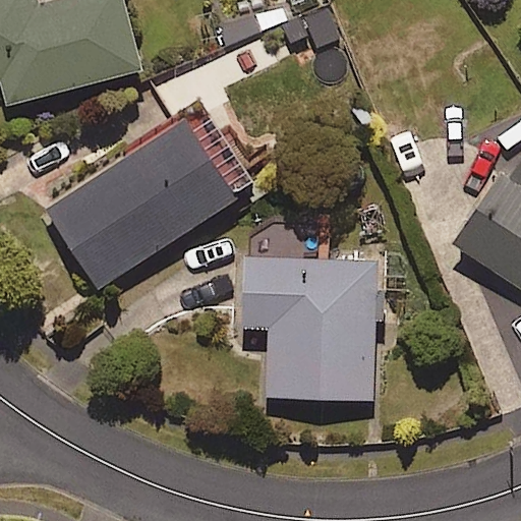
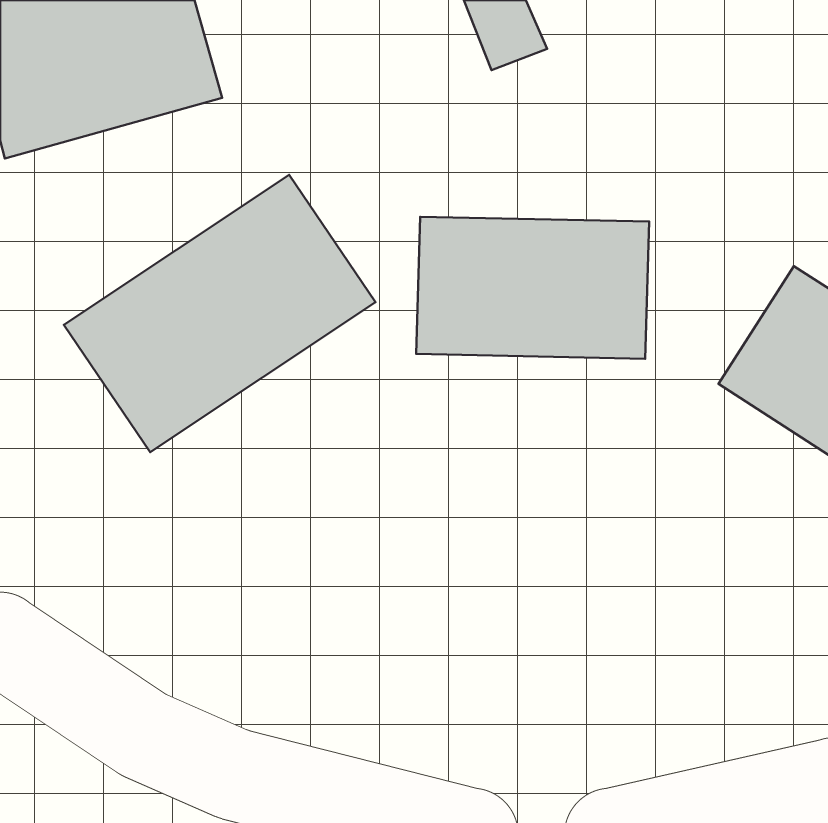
building: none -> [416,217,649,359]
building: [238,251,379,400] -> none

